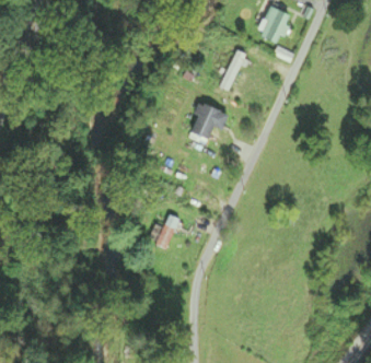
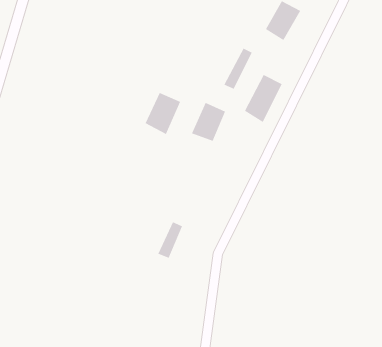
building: none -> [244,74,282,123]
building: none -> [145,92,181,135]

